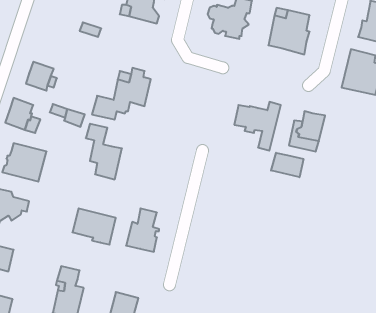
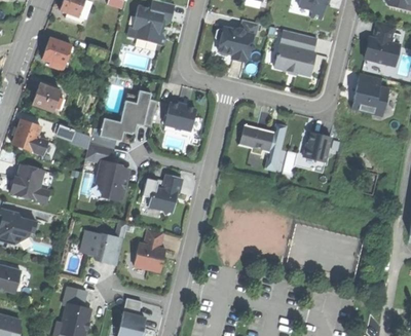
building: none -> [43,38,71,70]
building: none -> [164,103,195,130]
building: none -> [148,174,182,215]
building: [271,153,303,177] -> none

